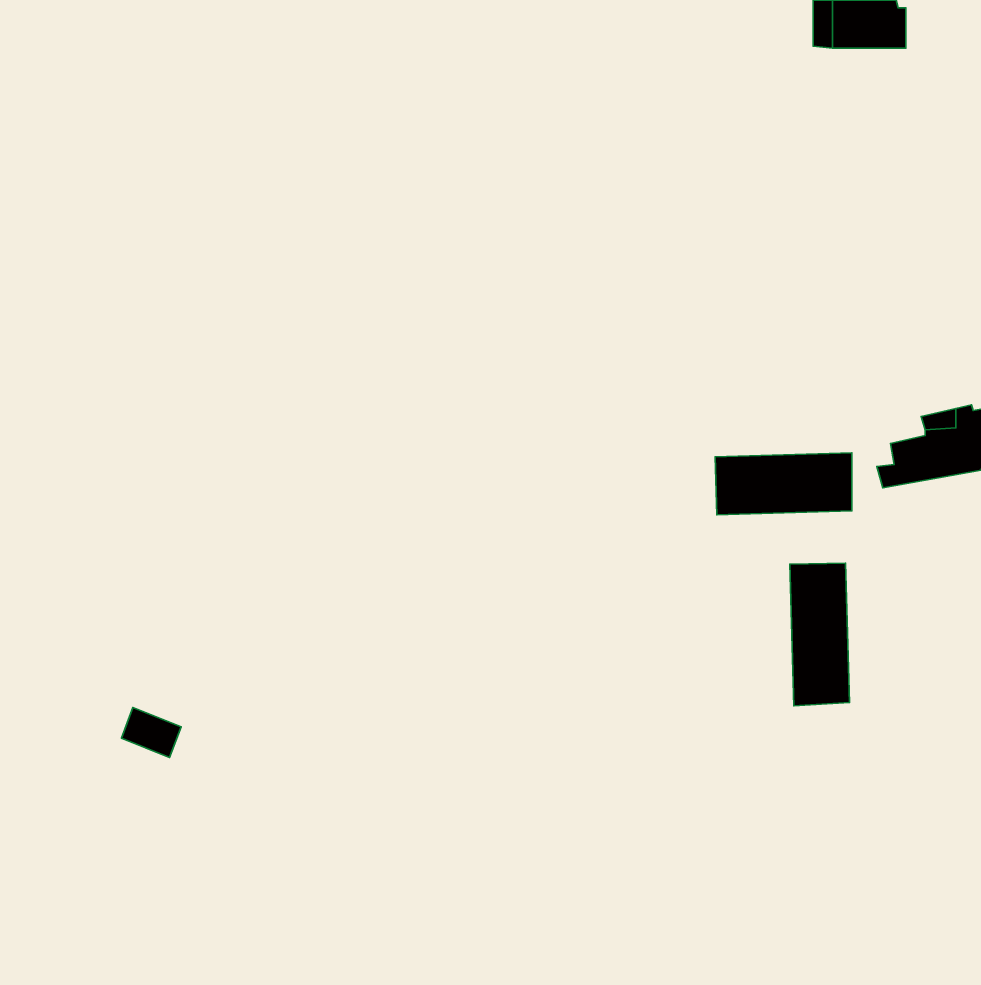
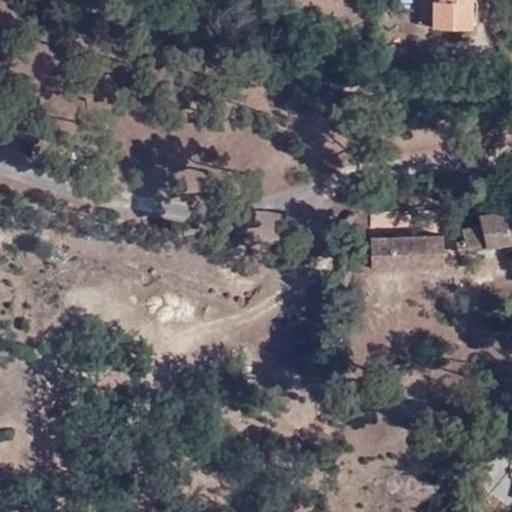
building: [790,563,849,706] -> none

